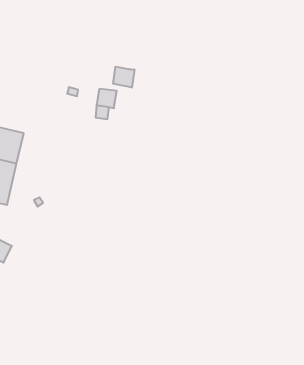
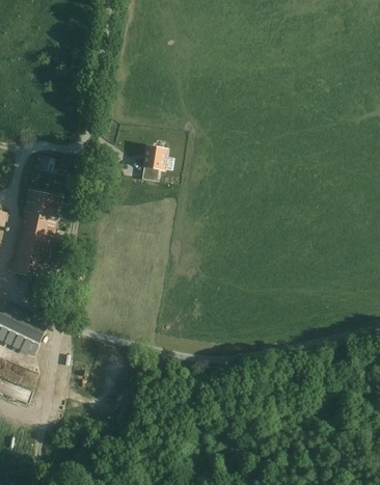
building: [113,67,135,88] -> none

